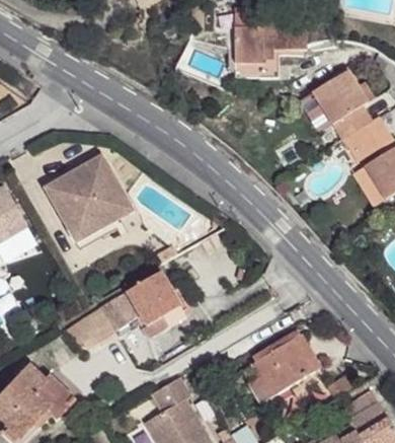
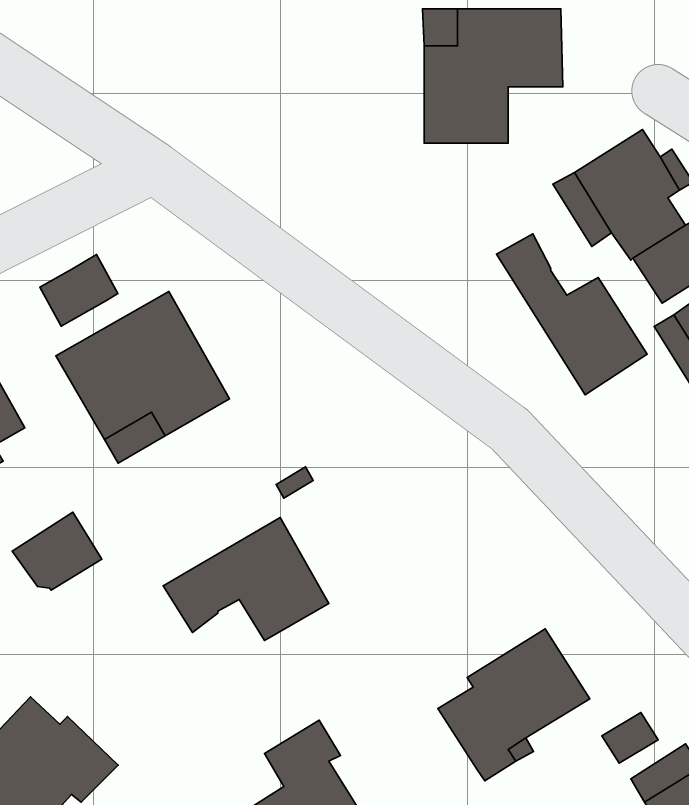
building: none -> [497,234,647,395]
building: none -> [40,254,118,326]
building: [68,307,114,348] -> [12,512,102,590]

